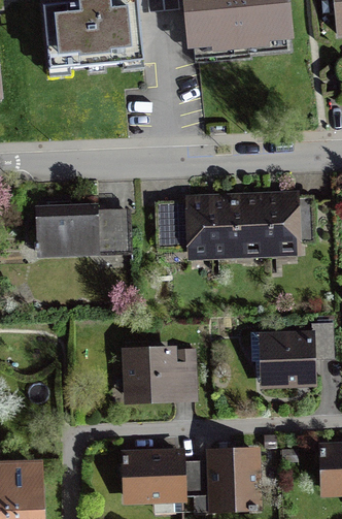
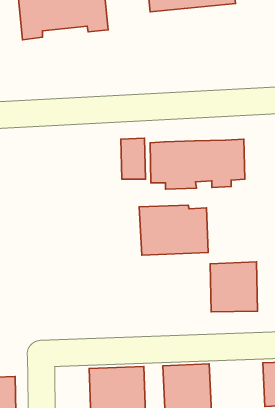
building: [35,202,134,248] -> none
building: [121,348,199,404] -> [139,205,208,255]

